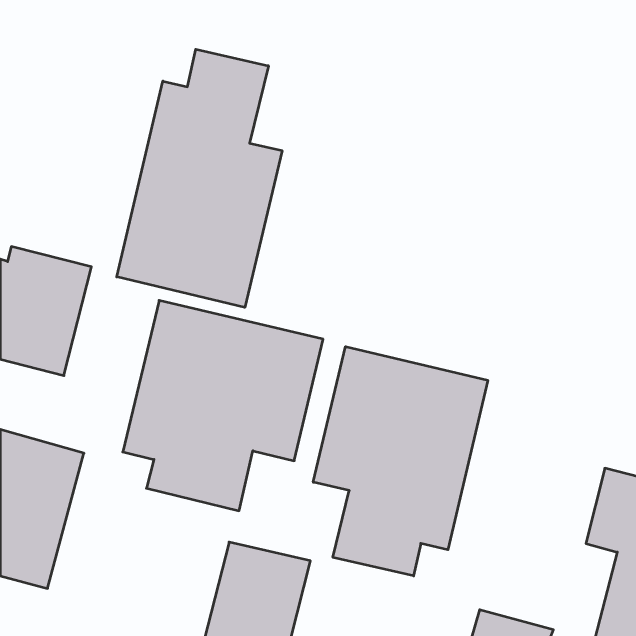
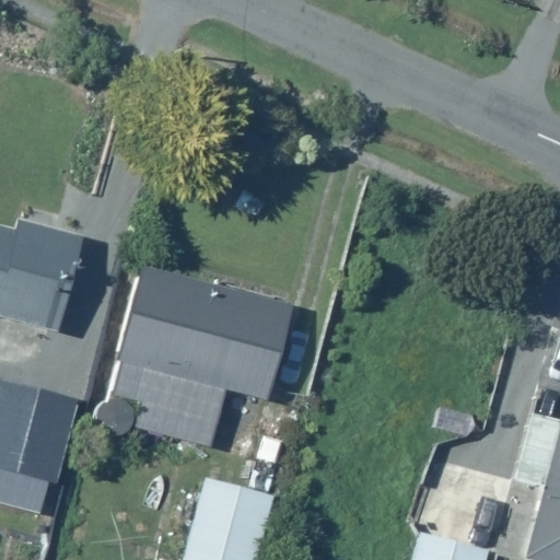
building: [117,49,282,307] -> none
building: [313,347,488,576] -> none

